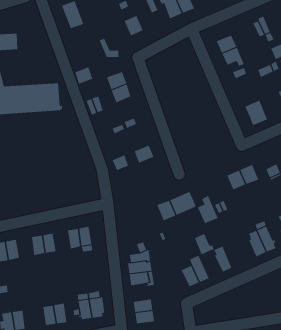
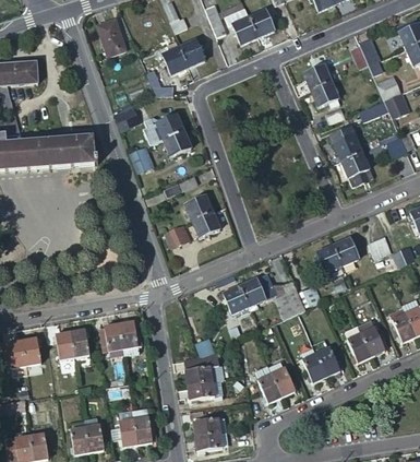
building: none -> [163,39,189,73]
building: none -> [331,127,362,159]
building: none -> [187,193,214,220]
building: [194,233,214,255] -> [315,346,343,376]

